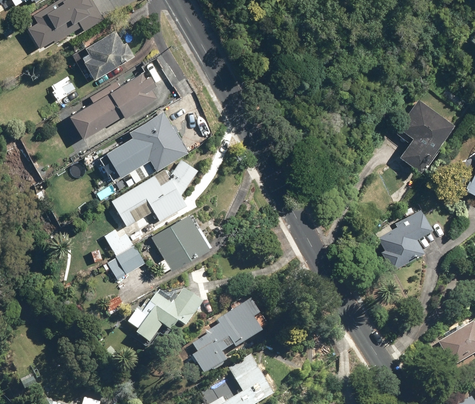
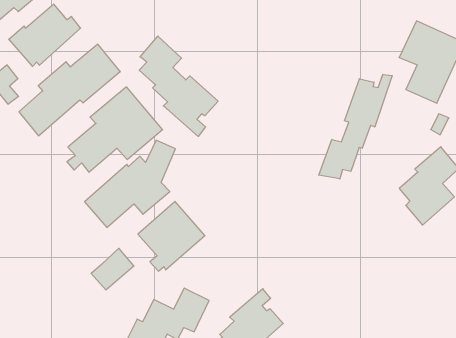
building: none -> [139,36,218,136]
building: none -> [319,74,392,179]
building: [105,225,135,256] -> none

